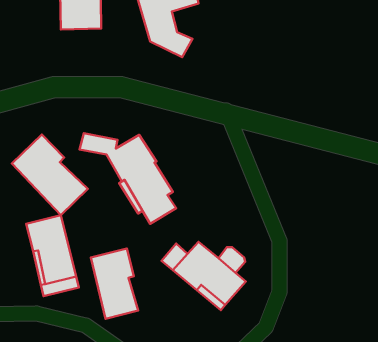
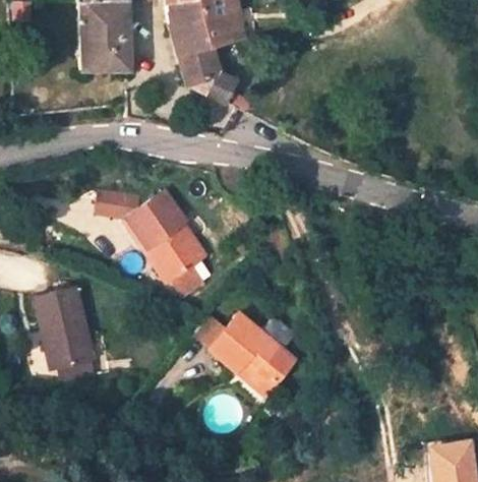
building: [12,134,88,215] -> none
building: [91,249,138,319] -> none

